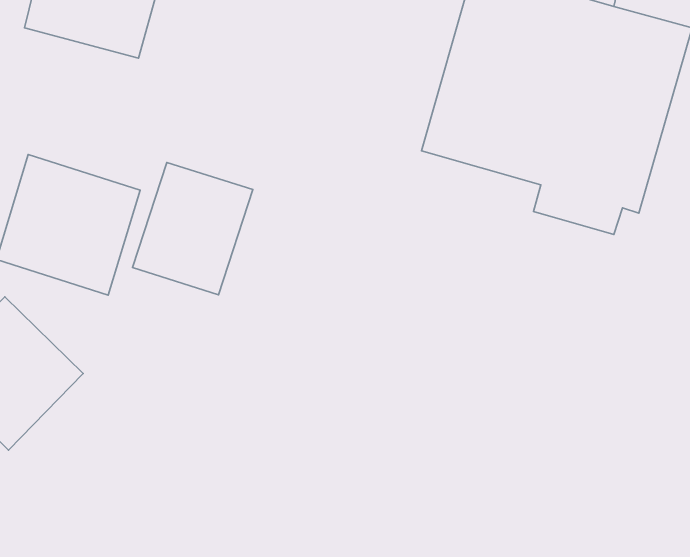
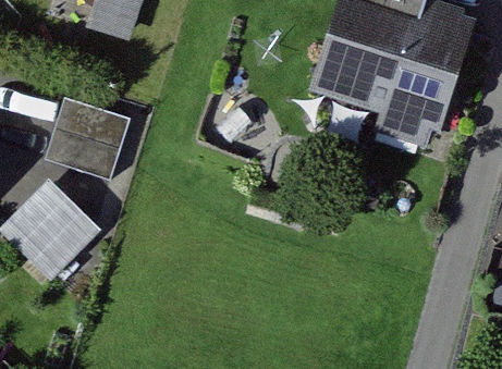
building: [132,162,253,295] -> none

